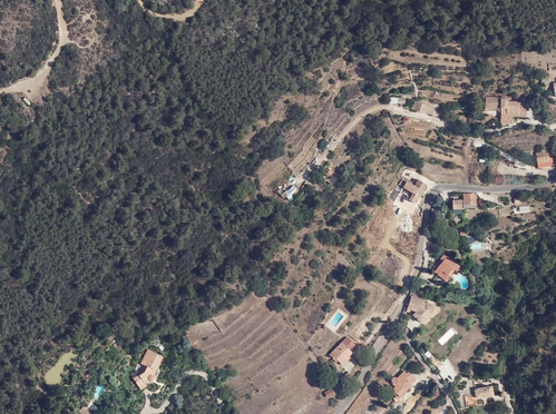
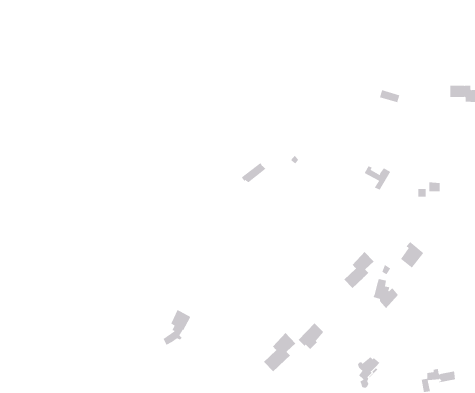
building: none -> [343,251,374,289]
building: none -> [263,332,296,372]
building: [135,349,164,386] -> [163,309,191,346]

